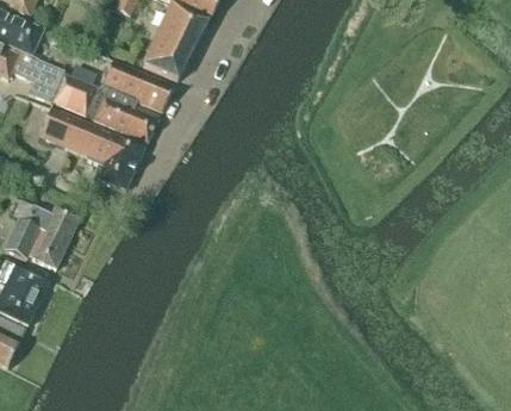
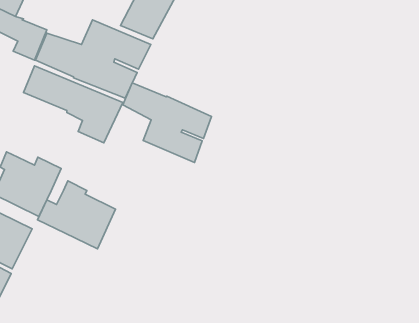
building: none -> [123,83,211,162]
building: none -> [37,181,116,249]

